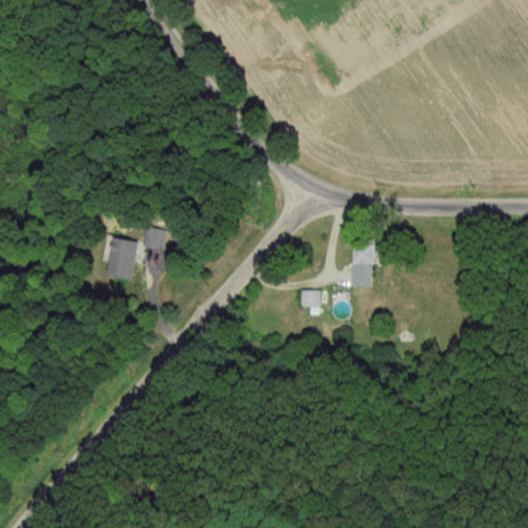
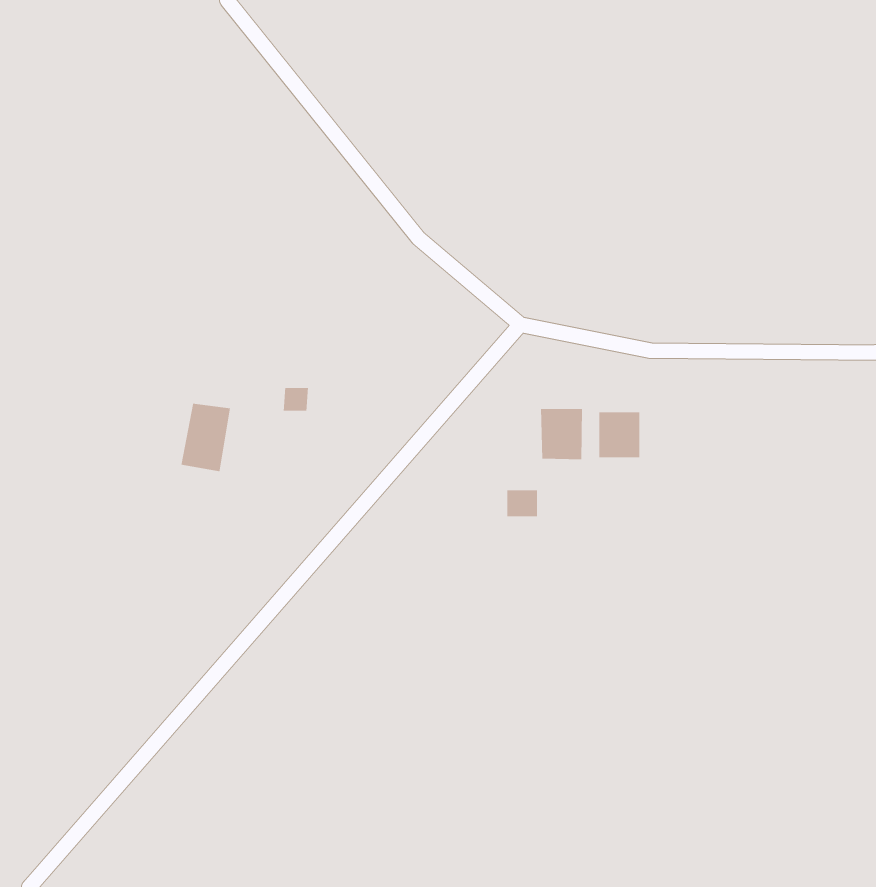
building: [141,228,163,251] -> none
building: none -> [540,408,583,460]

